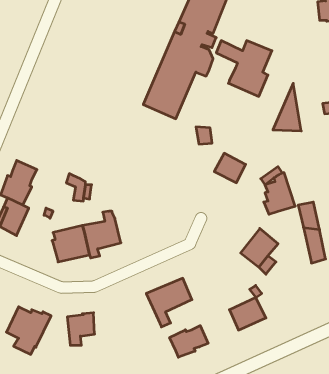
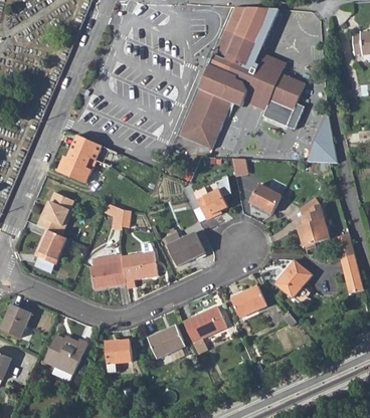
building: none -> [256,52,287,81]
building: none -> [244,83,272,111]
building: none -> [57,135,117,183]
building: none -> [194,175,230,219]
building: none -> [161,232,202,266]
building: none -> [147,326,184,359]
building: [229,298,266,330] -> [232,286,268,319]
building: [170,326,208,357] -> none

